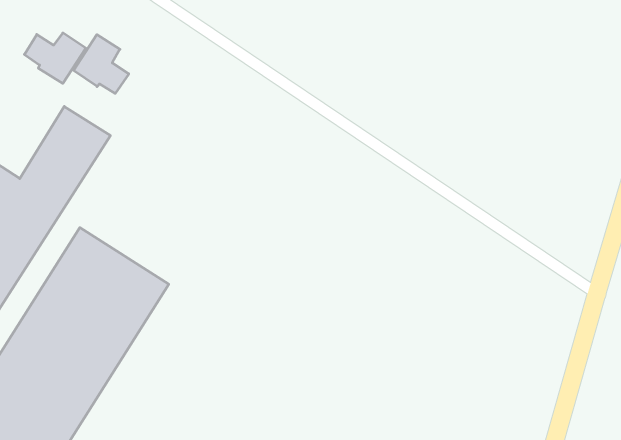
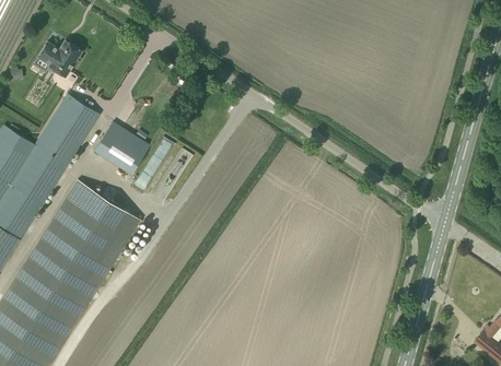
building: [74,35,129,93] -> none
building: none -> [94,123,149,174]

